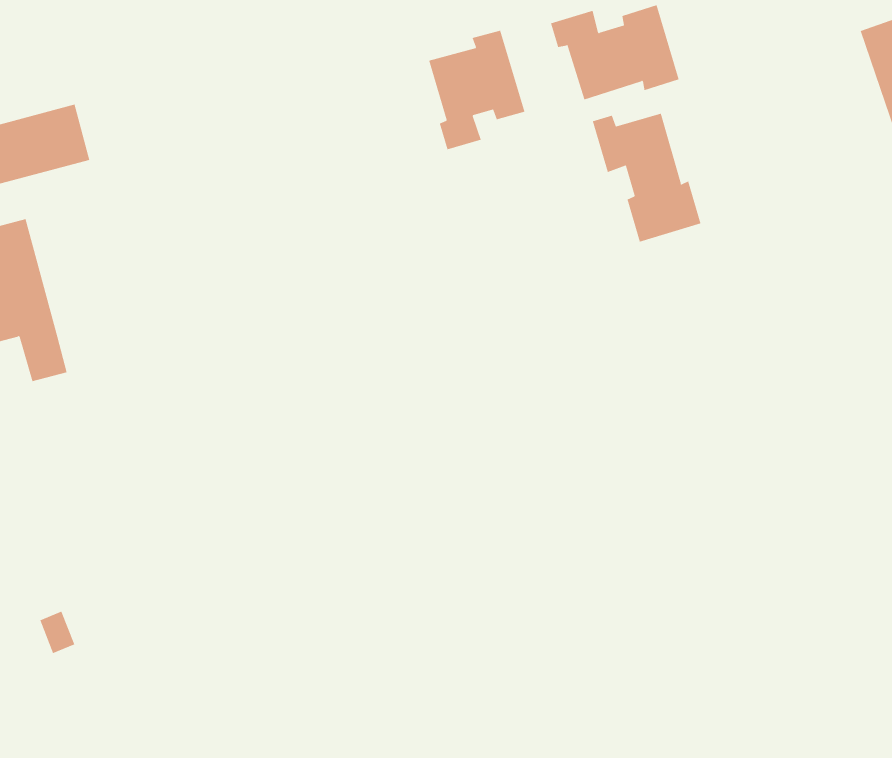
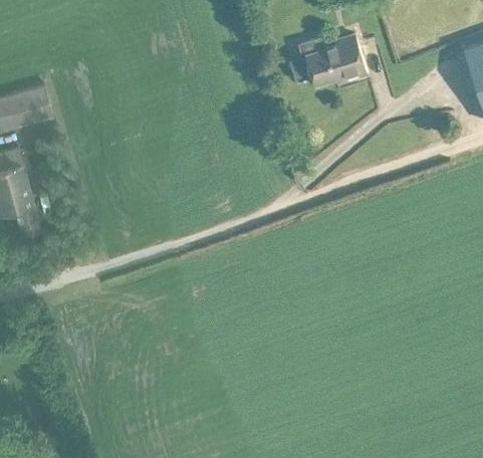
building: [429,30,525,150] -> none
building: [592,113,701,242] -> none

